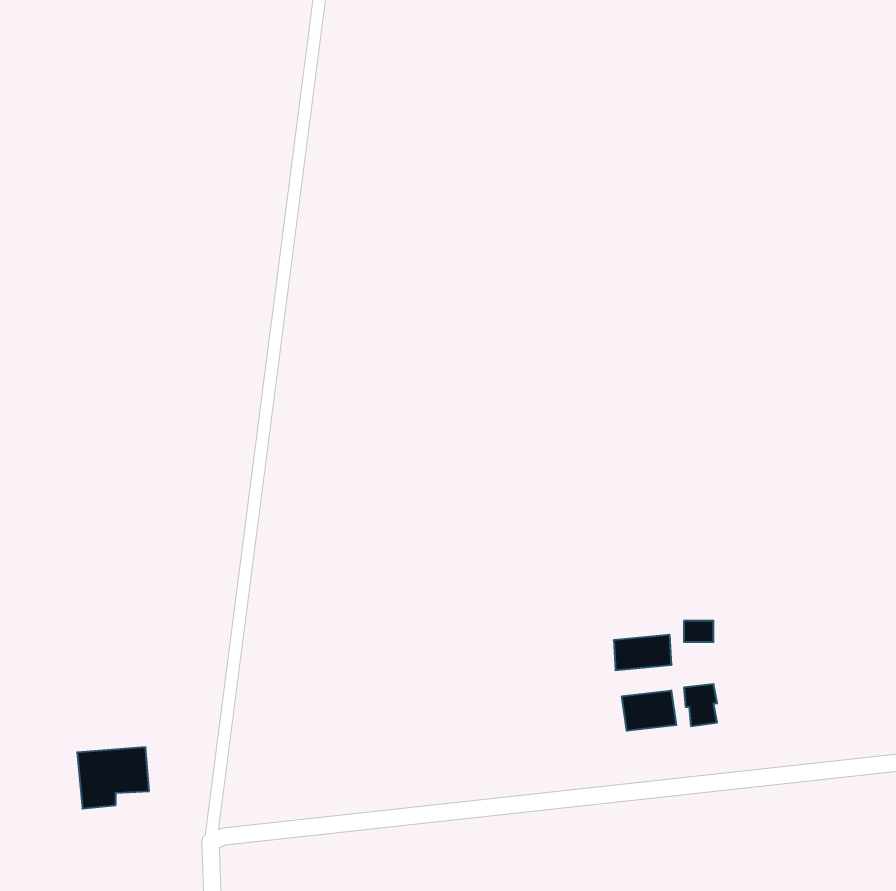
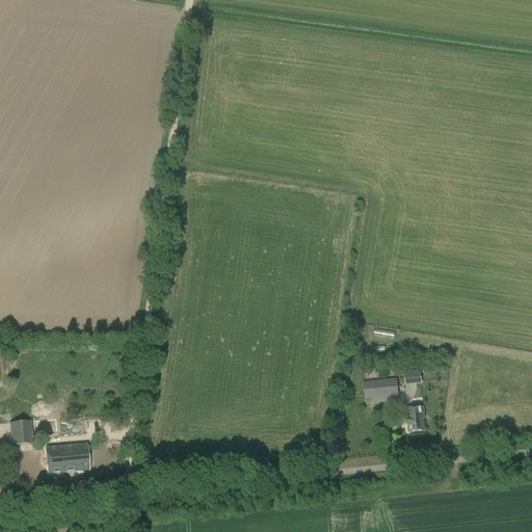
building: [622,690,676,731] -> none
building: none -> [9,419,33,443]

